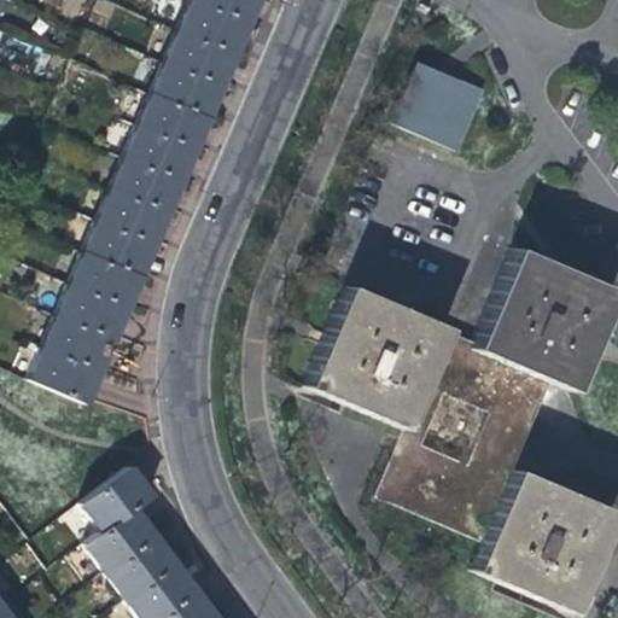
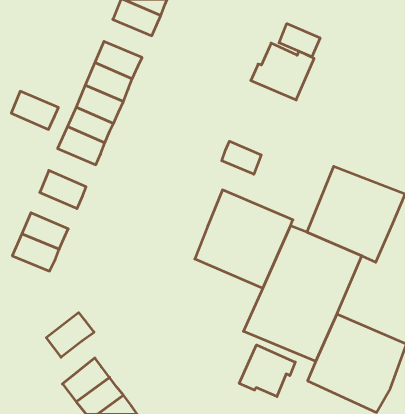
building: [169,29,240,86] -> none
building: none -> [279,24,320,57]
building: none -> [222,141,261,174]
building: [87,221,157,278] -> [11,91,58,129]
building: [60,286,129,340] -> none
building: [87,507,156,571] -> none
building: none -> [239,345,295,397]

